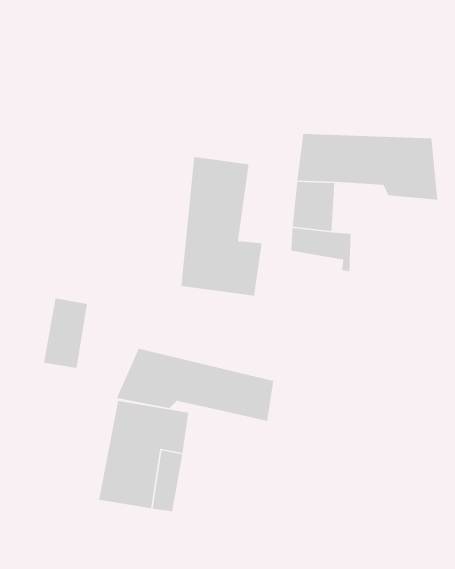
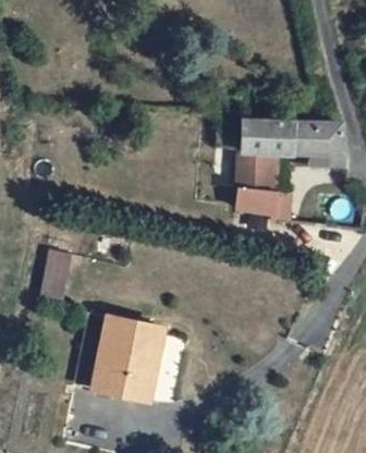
building: [181,156,262,296] -> none
building: [116,348,274,422] -> none

